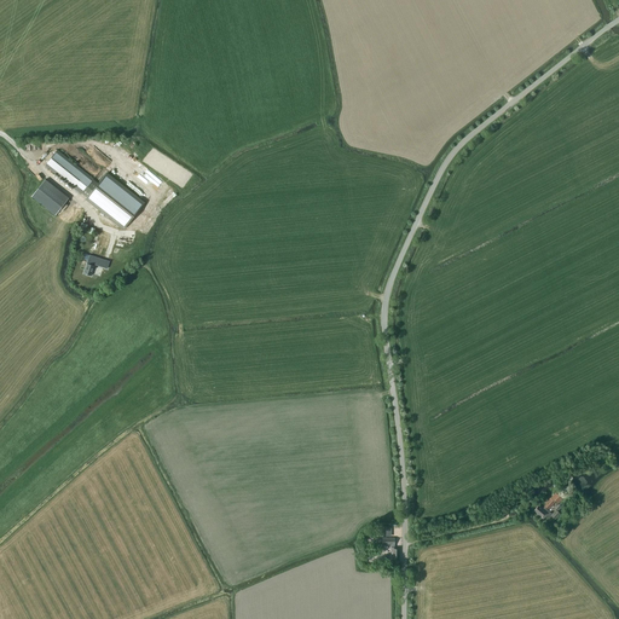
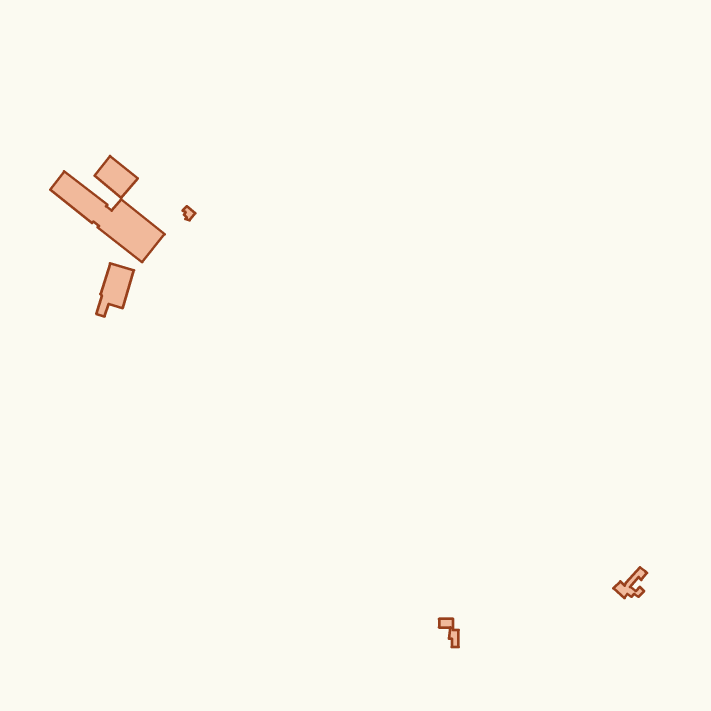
building: [30,178,68,214] -> [95,156,138,198]

